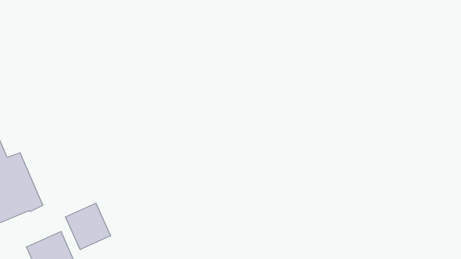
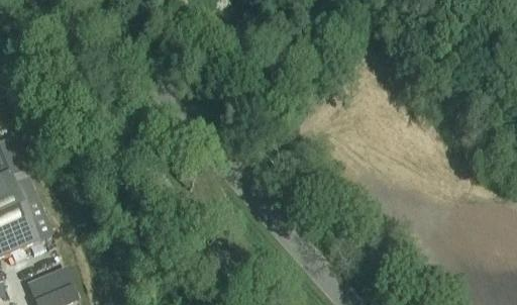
building: [66,203,111,250] -> none

